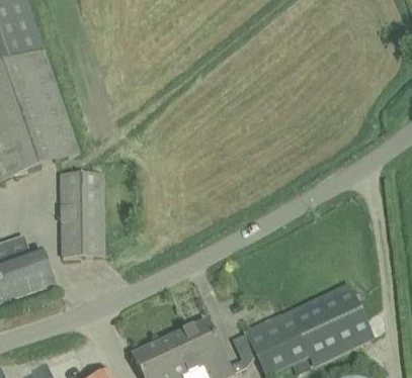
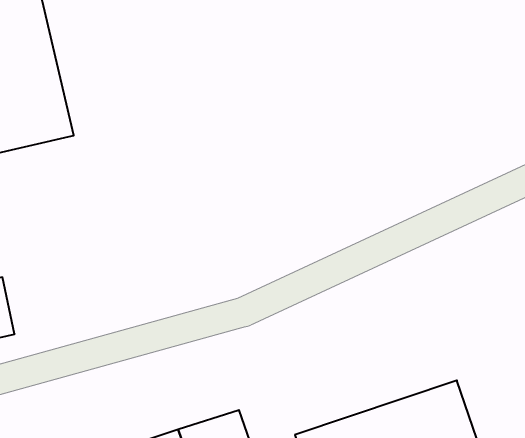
building: [60,172,103,255] -> none

